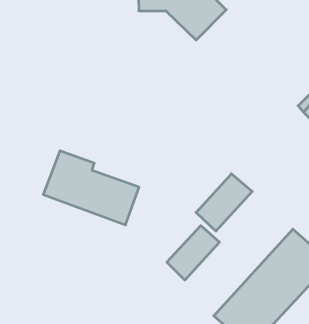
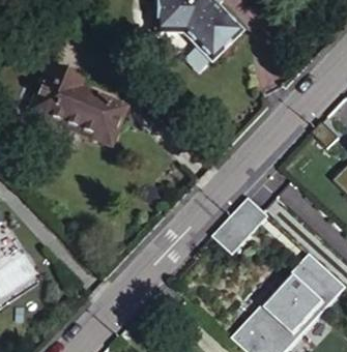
building: [43,151,139,225] -> [27,65,122,139]
building: [167,226,219,280] -> none

